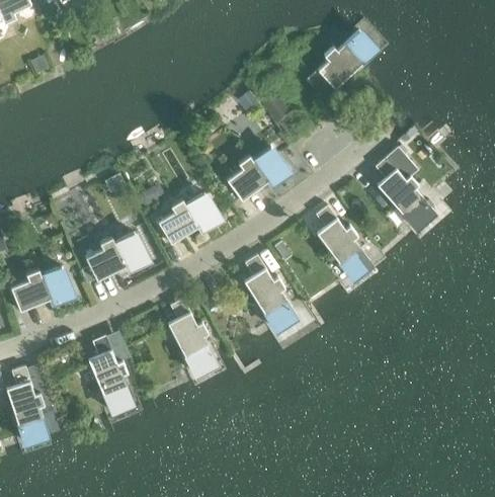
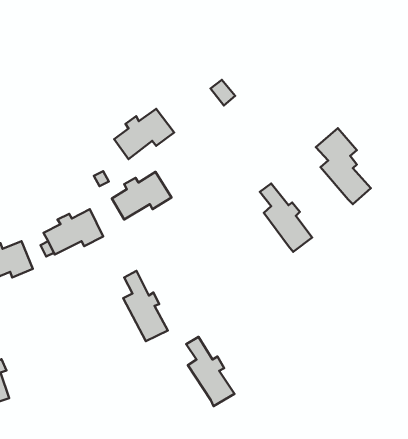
building: [307,31,377,91] -> none
building: [227,148,291,201] -> [114,109,174,159]
building: [245,255,297,329] -> [186,337,234,406]
building: [90,336,135,412] -> none

